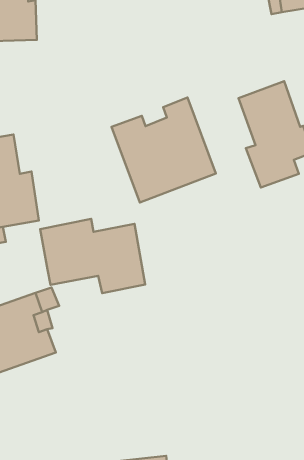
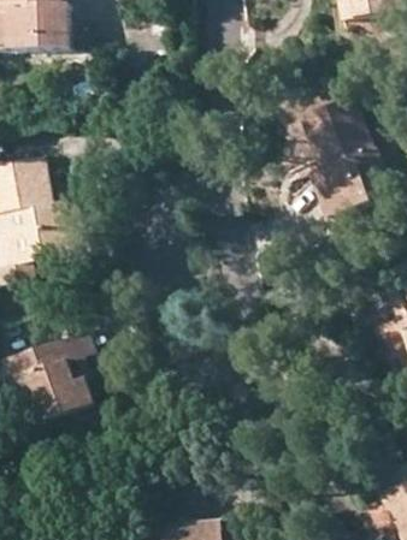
building: [112,98,216,203] -> none
building: [40,219,145,293] -> none

